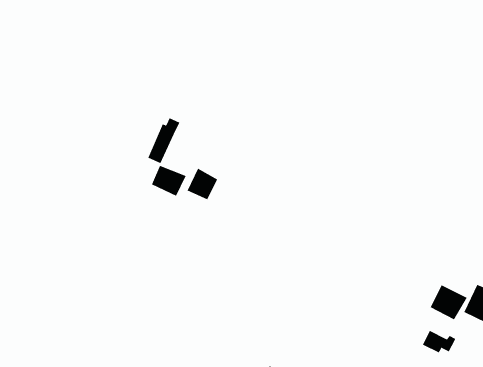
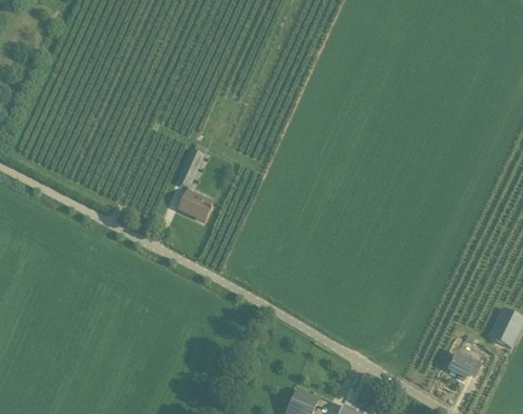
building: [187,168,218,200] -> none
building: [430,284,468,320] -> none

